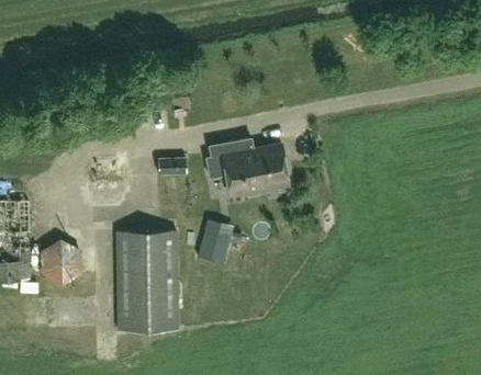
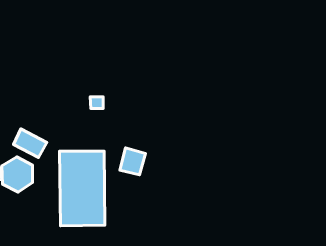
building: [205,137,290,195] -> none
building: none -> [14,129,47,157]

